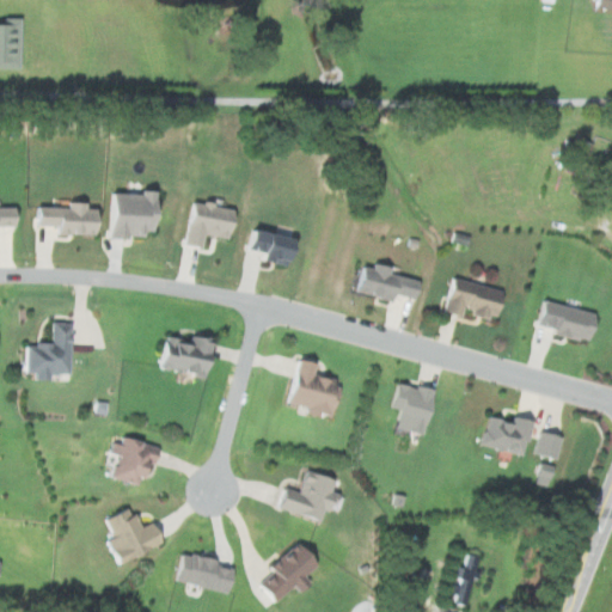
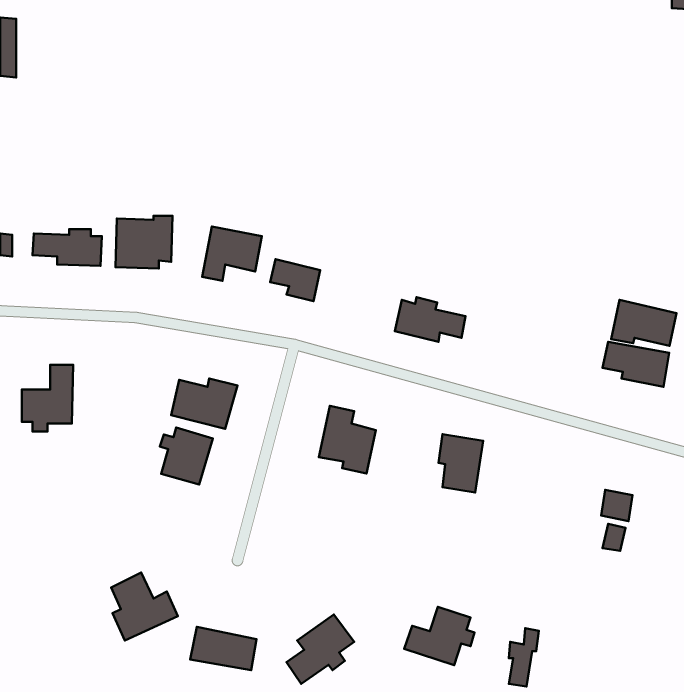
building: [446,277,503,318] -> [611,300,676,346]
building: [483,416,534,455] -> none
building: [111,436,158,486] -> [160,428,213,485]
building: [279,470,341,521] -> [404,607,475,665]

